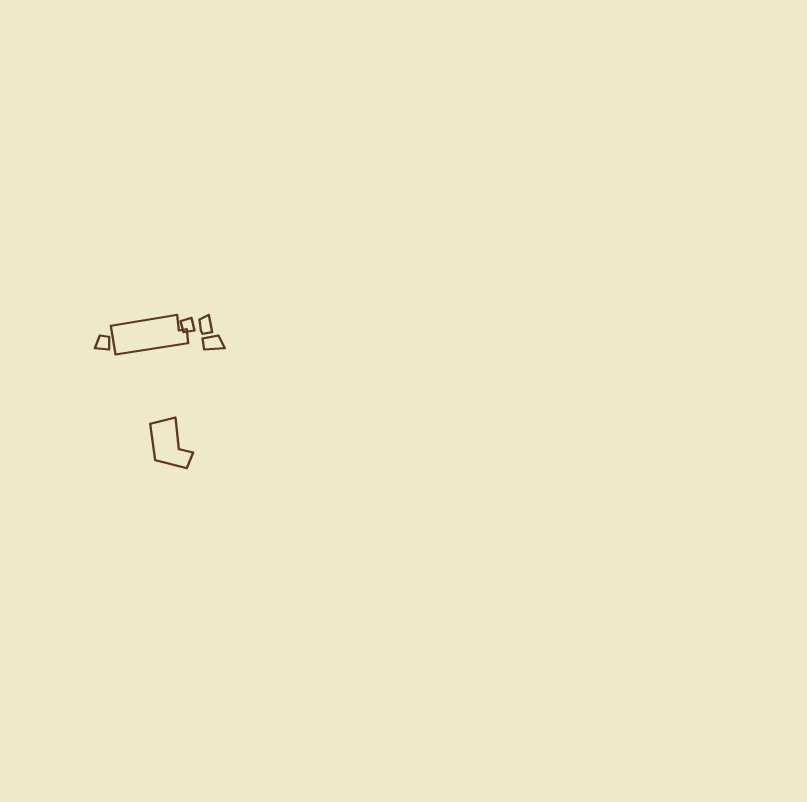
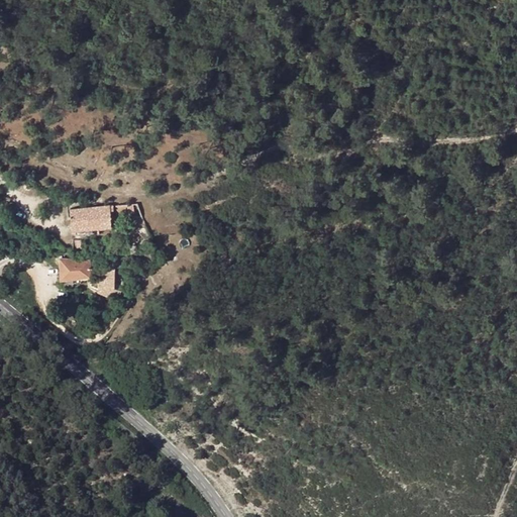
building: none -> [58,260,90,280]

